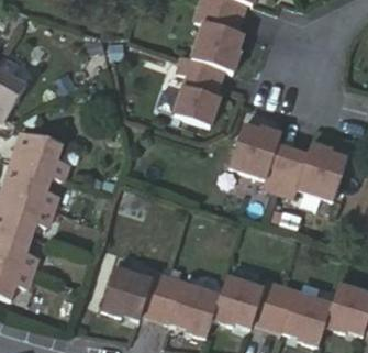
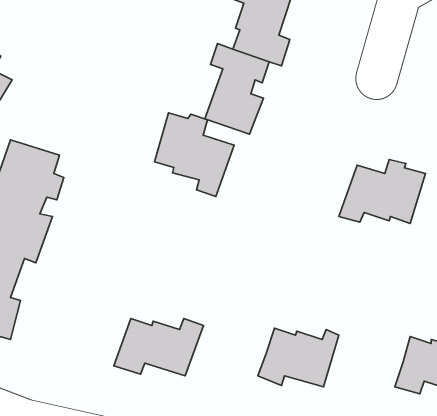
building: [230,126,292,192] -> [154,113,234,197]
building: [157,278,221,339] -> none
building: [266,286,328,344] -> none

